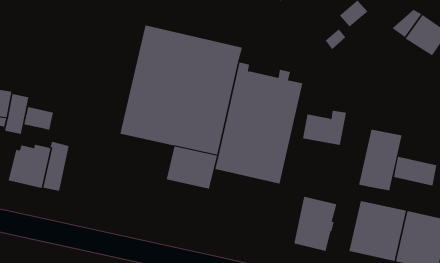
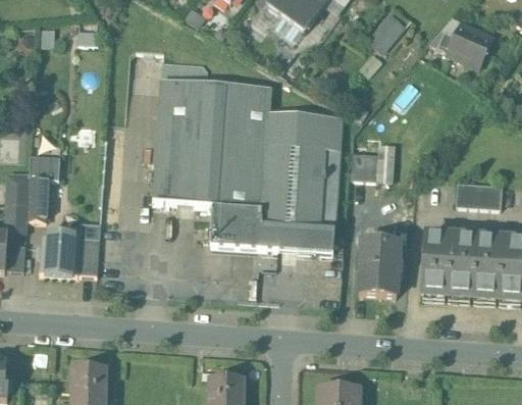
building: [24,106,54,131] -> [29,156,59,179]
building: [359,129,402,191] -> none
building: none -> [259,224,334,252]

